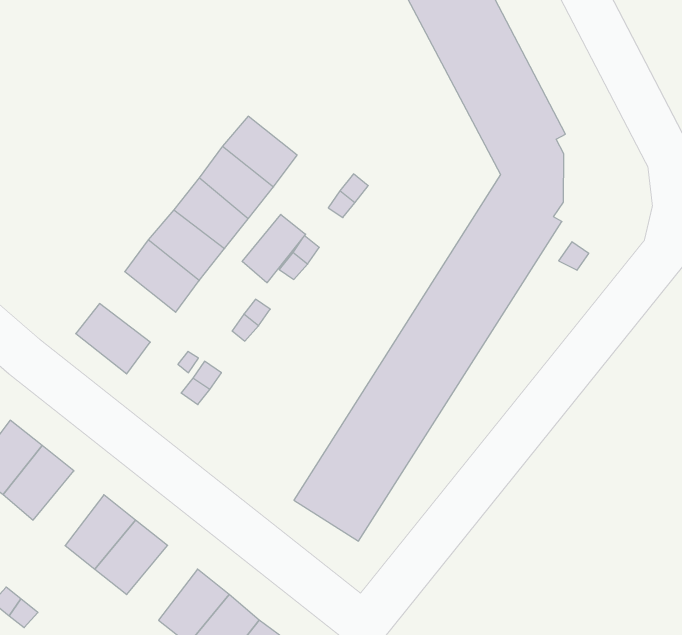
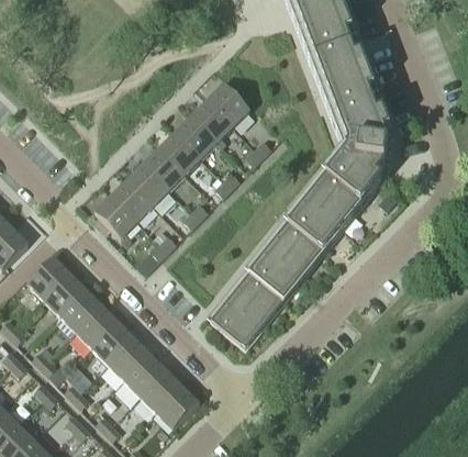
building: none -> [208,82,249,124]
building: [242,214,306,283] -> none
building: none -> [111,179,154,221]
building: none -> [59,289,101,331]
building: none -> [108,337,149,379]

